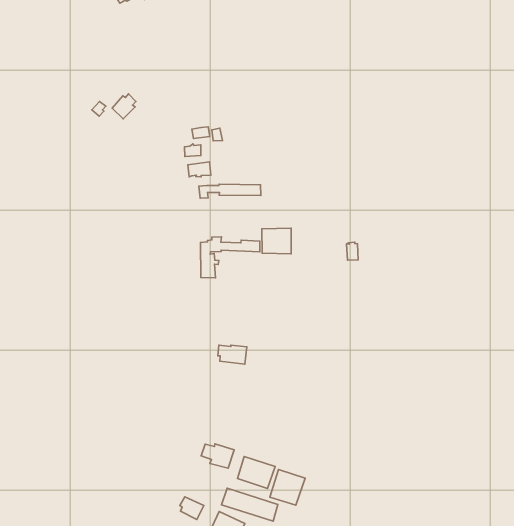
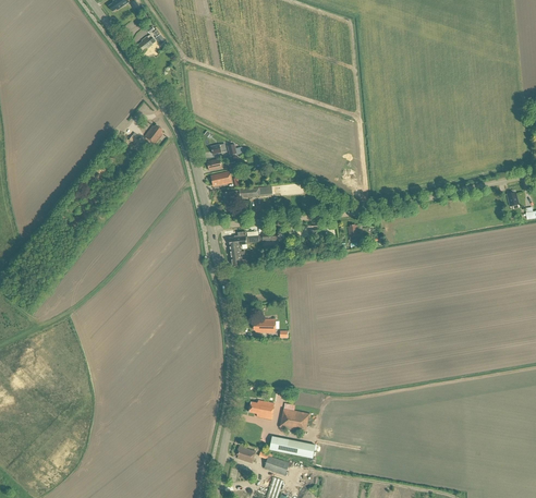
building: [262,228,291,254] -> none
building: [270,470,305,505] -> none

